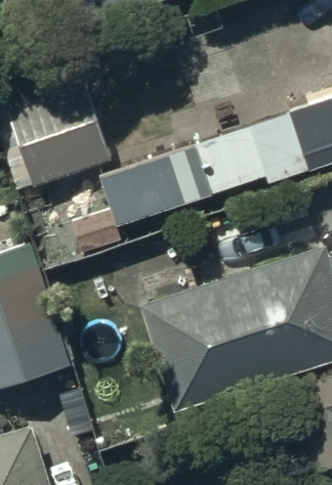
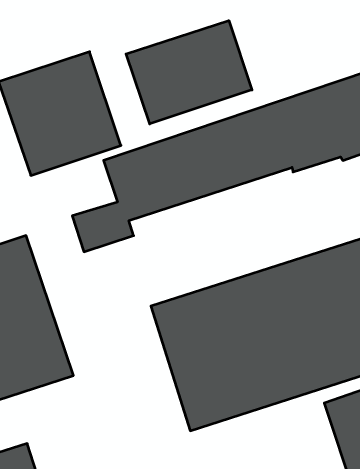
building: none -> [126,21,252,124]

